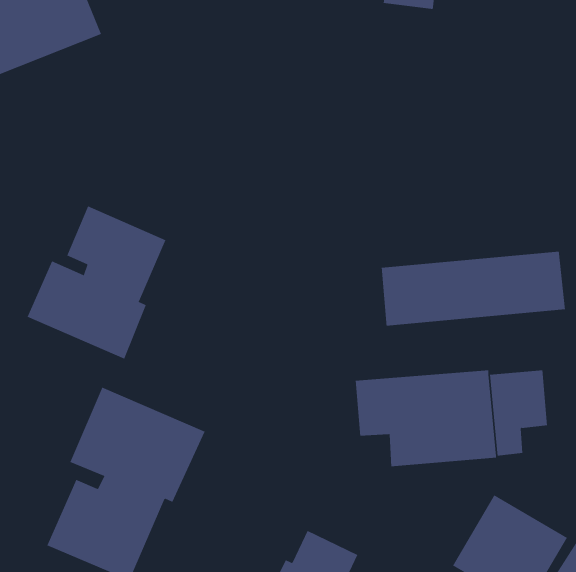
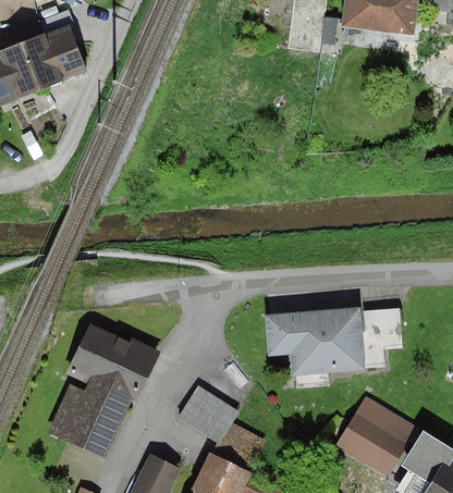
building: [27,206,166,359] -> none
building: [381,251,566,327] -> none
building: none -> [176,385,238,444]

